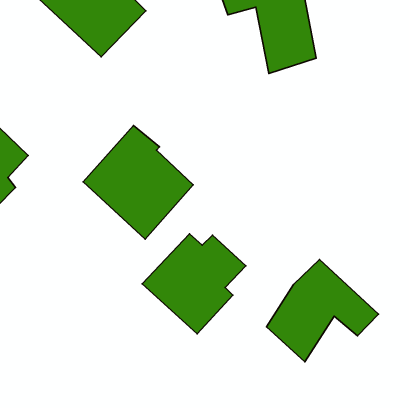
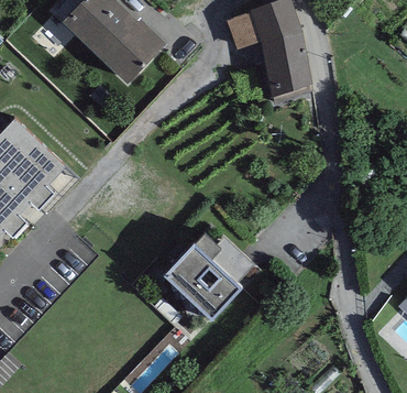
building: [83,125,193,239] -> none
building: [266,260,379,362] -> none

